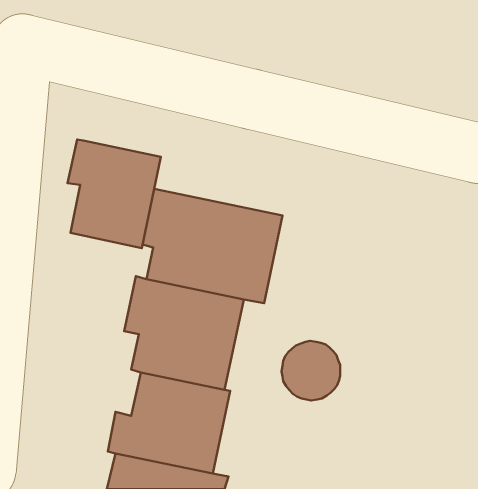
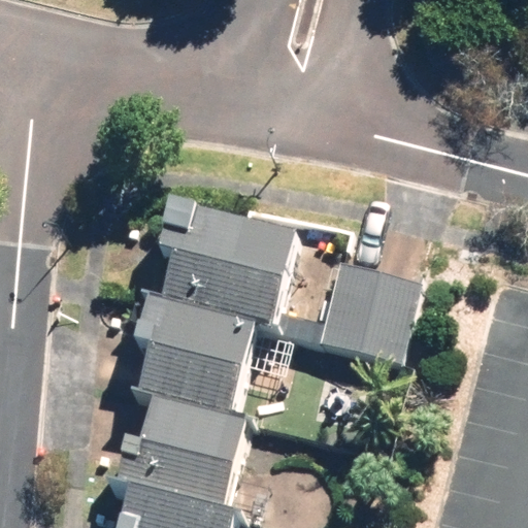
building: [68,140,161,248] -> none
building: none -> [311,267,417,364]

